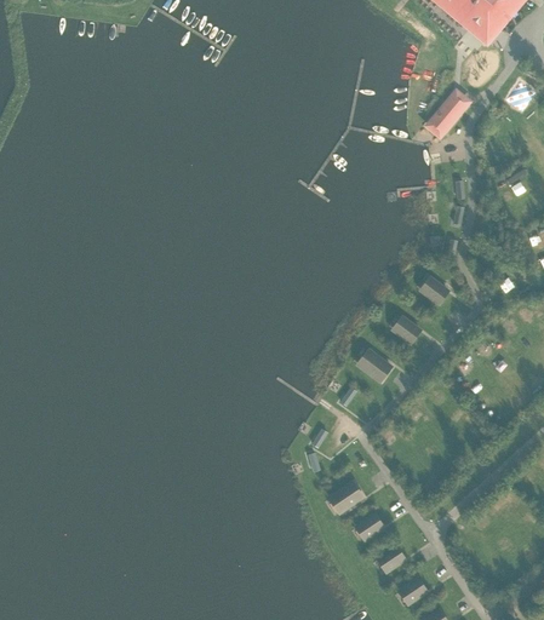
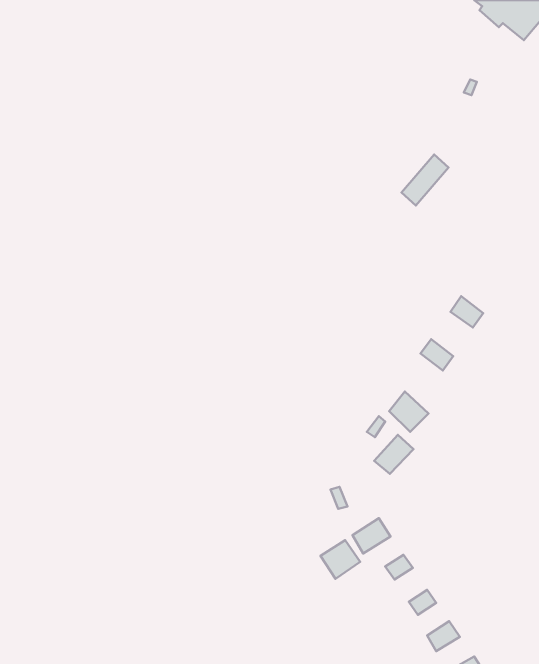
building: [425,88,469,136] -> [401,155,448,205]
building: none -> [374,435,413,474]
building: none -> [321,540,360,579]

